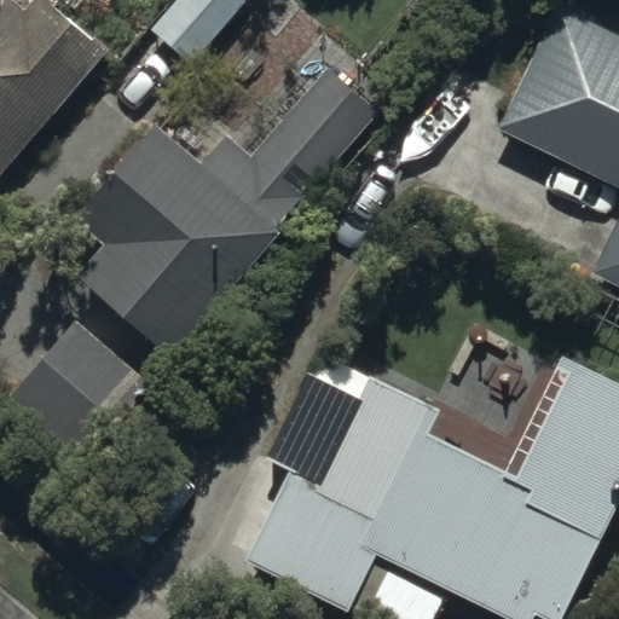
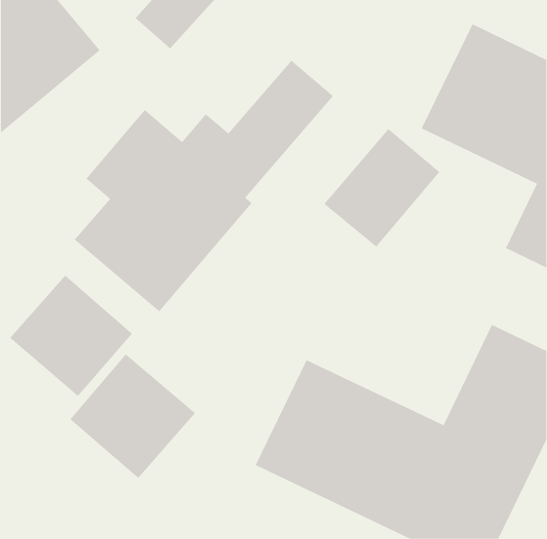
building: none -> [324,128,440,248]
building: none -> [70,354,196,479]

